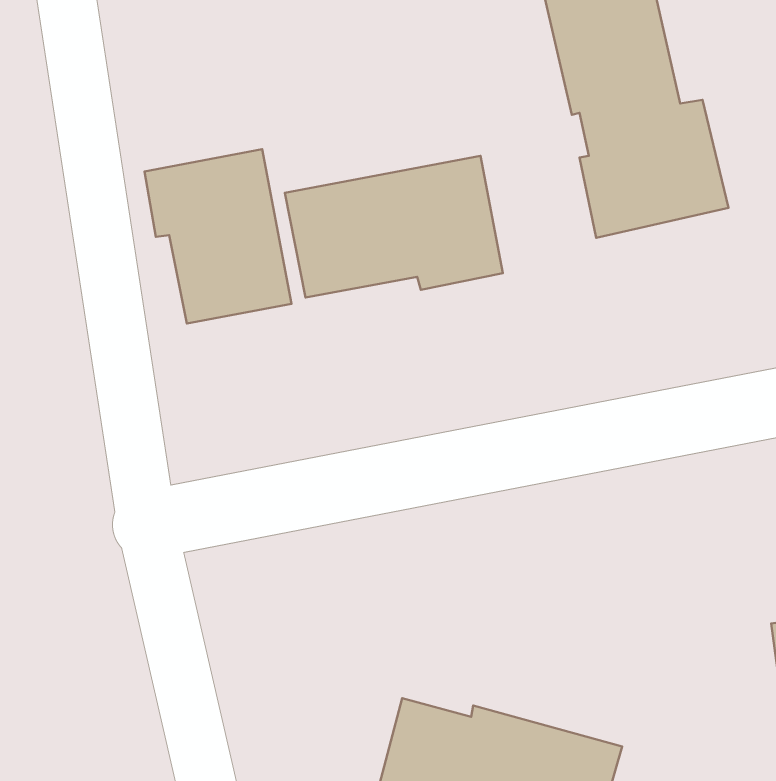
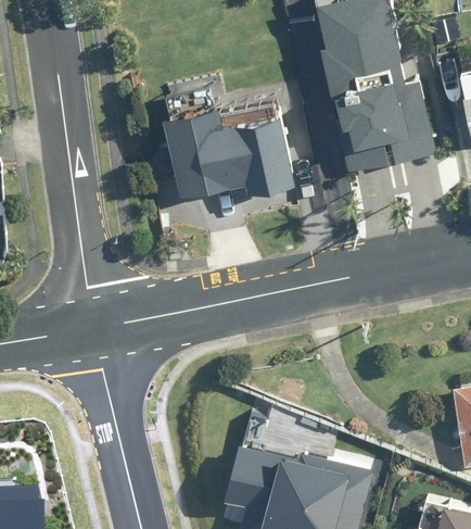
building: [144,149,292,323] -> none

